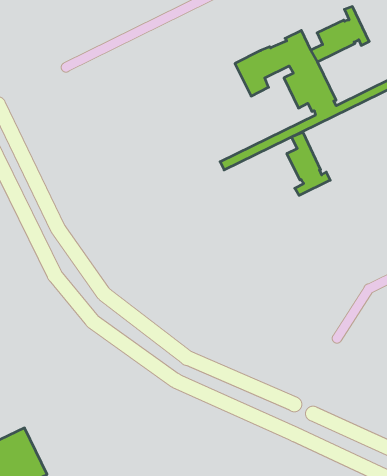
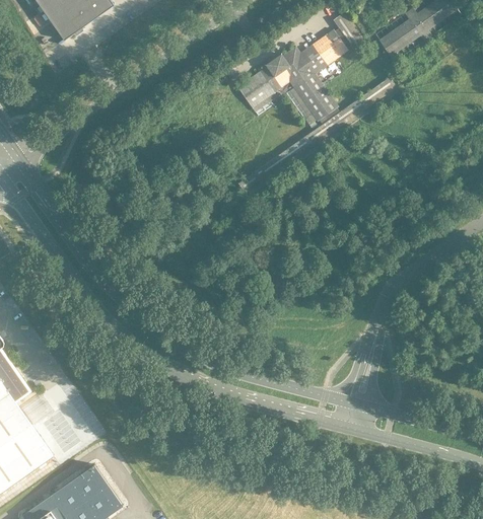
building: [287,132,330,195] -> none

